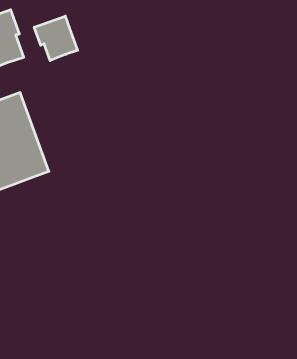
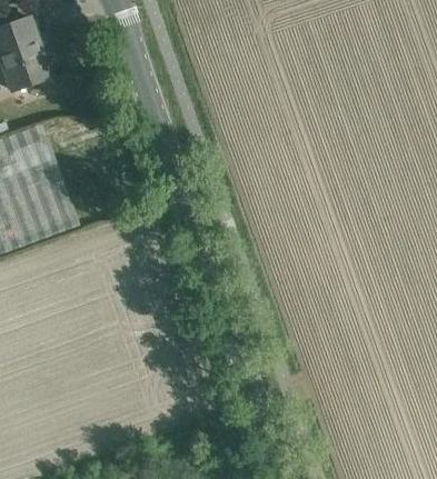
building: [34,16,78,61] -> none

